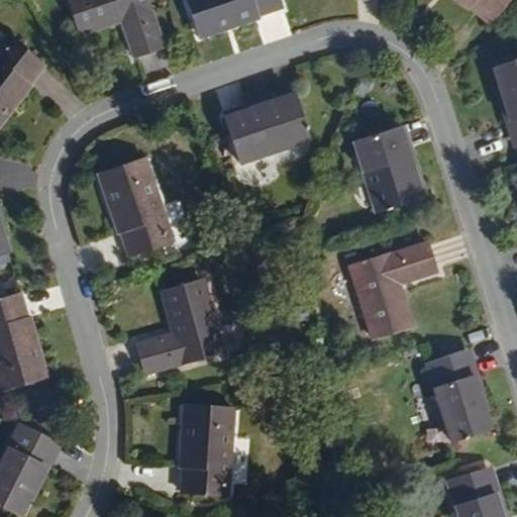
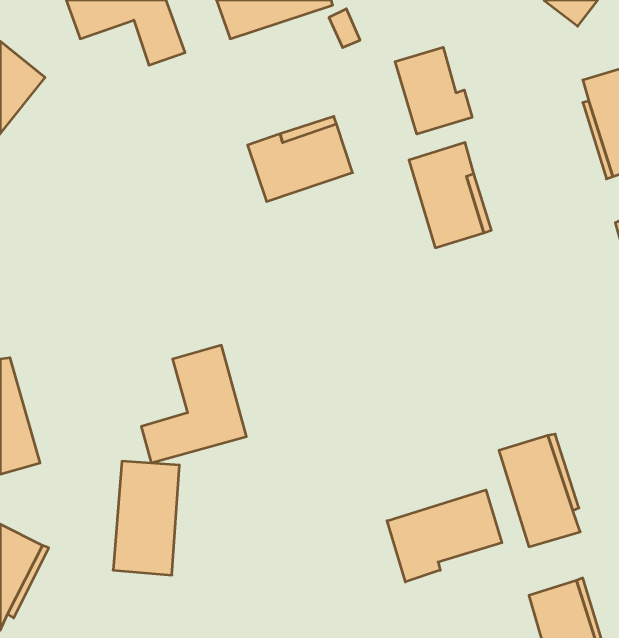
building: none -> [395,47,472,134]
building: [95,158,168,255] -> none
building: [343,242,428,338] -> none
building: none -> [387,490,502,582]
building: [174,407,227,499] -> [113,461,179,575]

